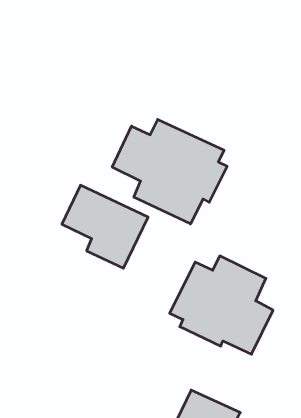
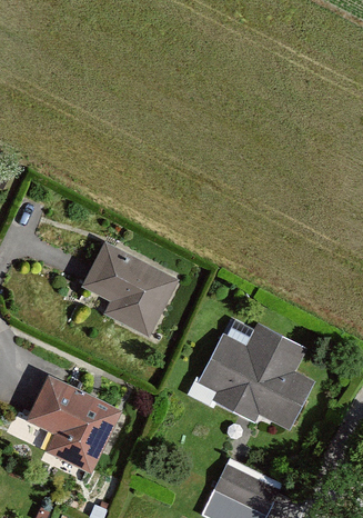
building: [112,119,227,224] -> none
building: none -> [26,373,120,470]

